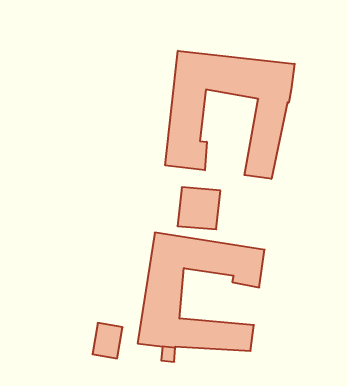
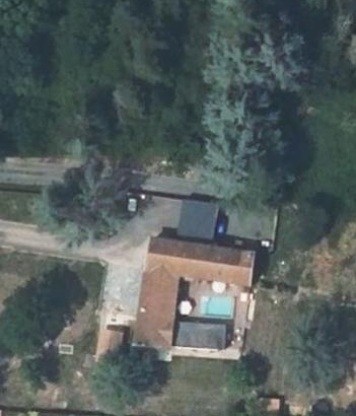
building: [165,51,295,179] -> none

